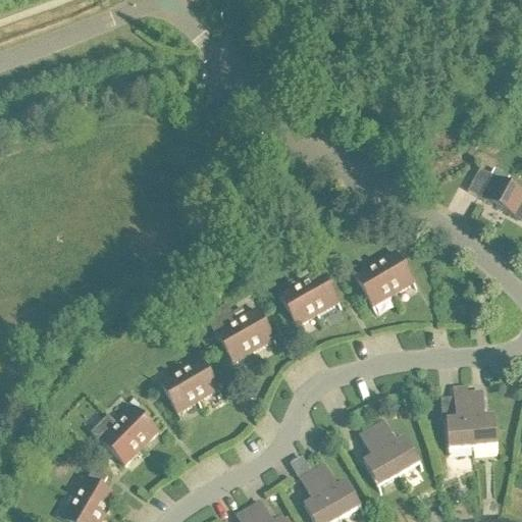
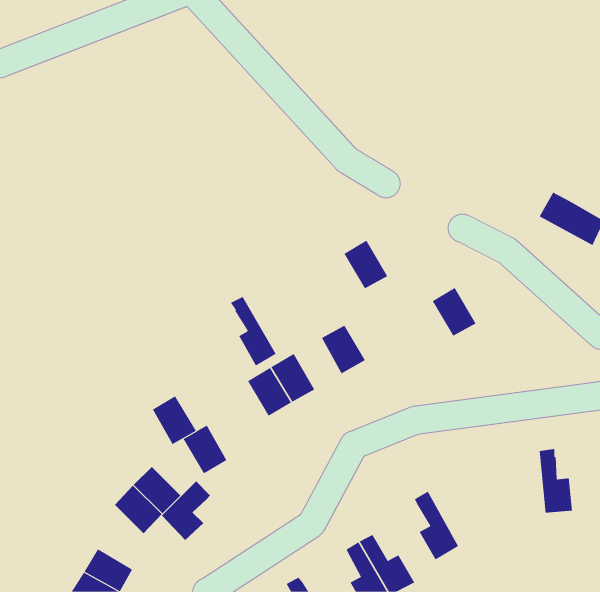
building: none -> [230,296,276,367]
building: [355,261,394,304] -> none
building: [300,269,338,312] -> [343,240,388,289]
building: [180,356,219,399] -> [152,395,197,445]
building: [447,390,473,447] -> none
building: none -> [161,480,211,541]
building: [372,419,420,473] -> none

